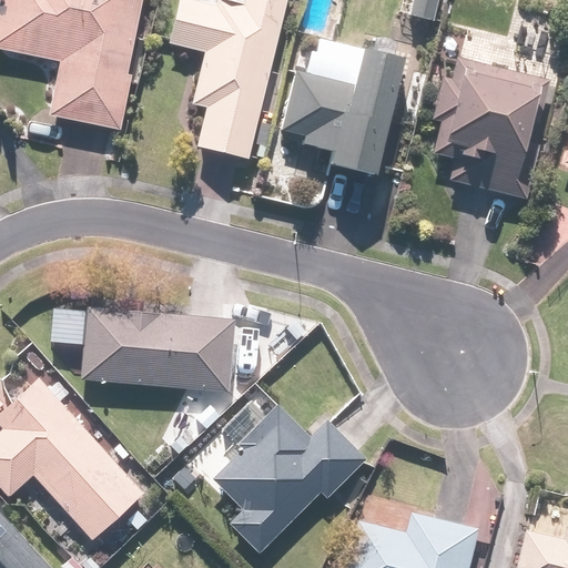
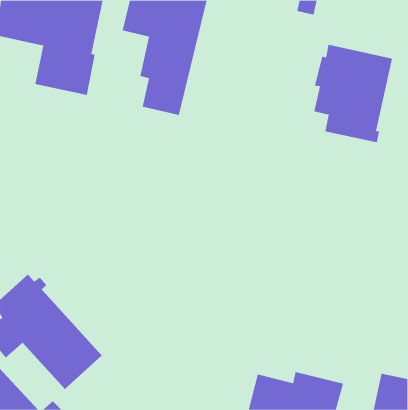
building: [282,53,406,175] -> none
building: [80,305,234,392] -> none
building: [210,407,367,550] -> none

